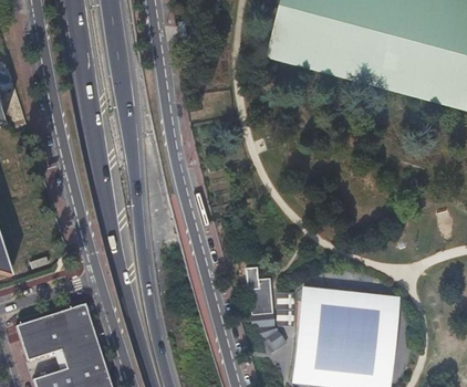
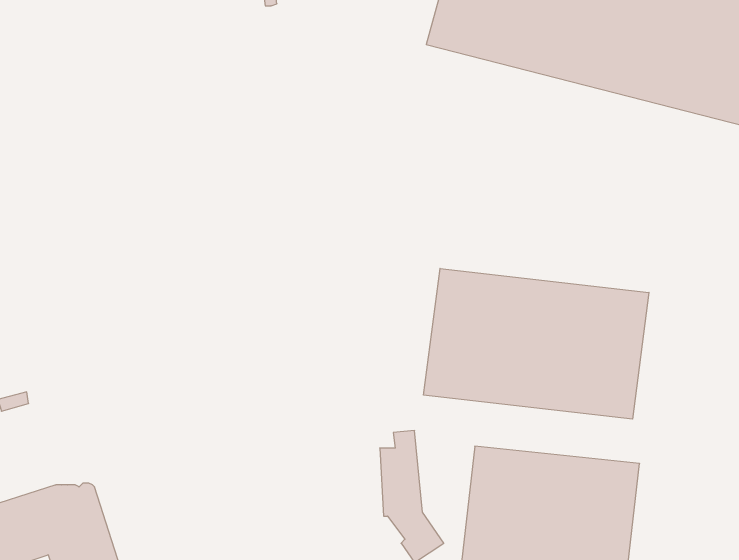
building: none -> [424,268,649,419]

